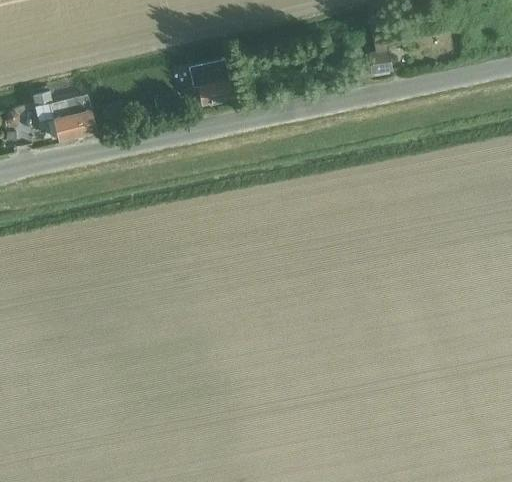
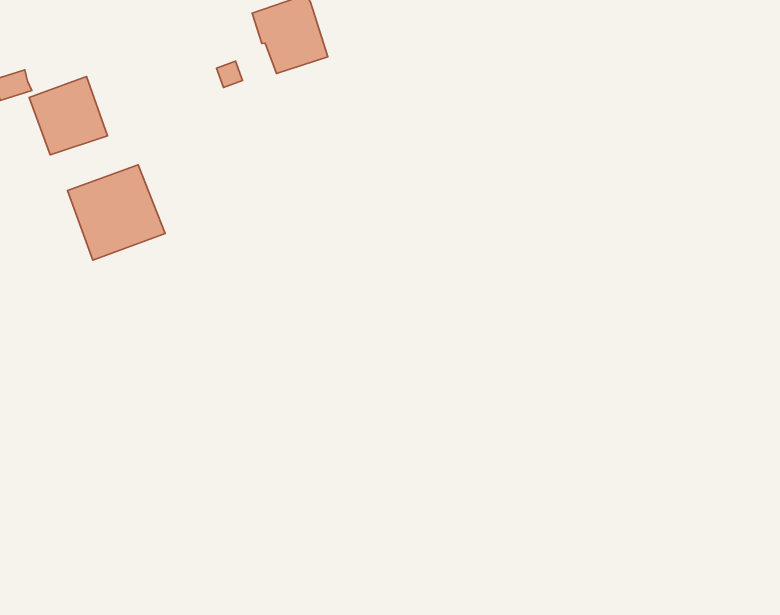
building: none -> [68,165,165,260]

